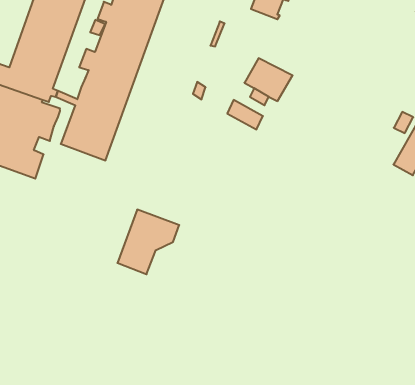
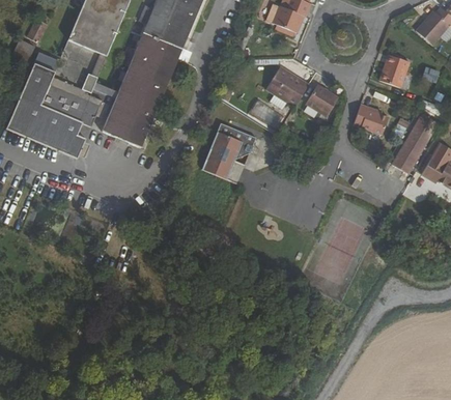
building: none -> [382,54,410,87]
building: none -> [304,82,336,113]
building: none -> [353,103,388,135]
building: [117,210,179,274] -> [199,120,255,177]

